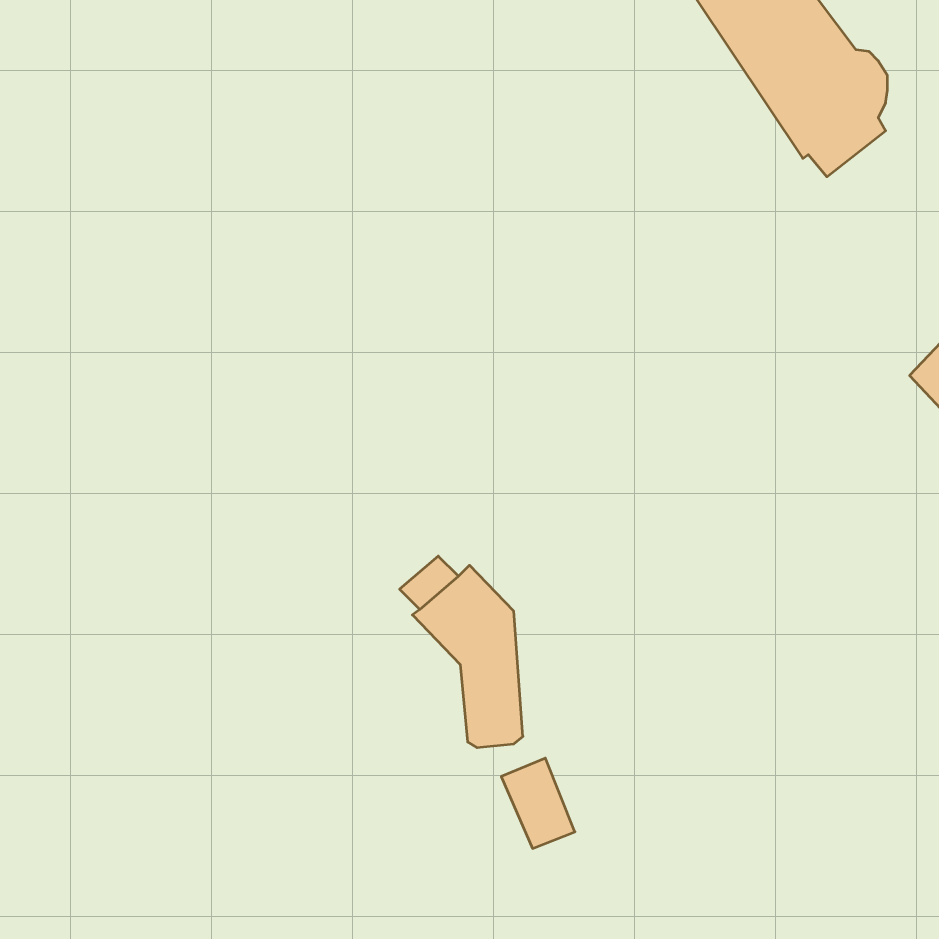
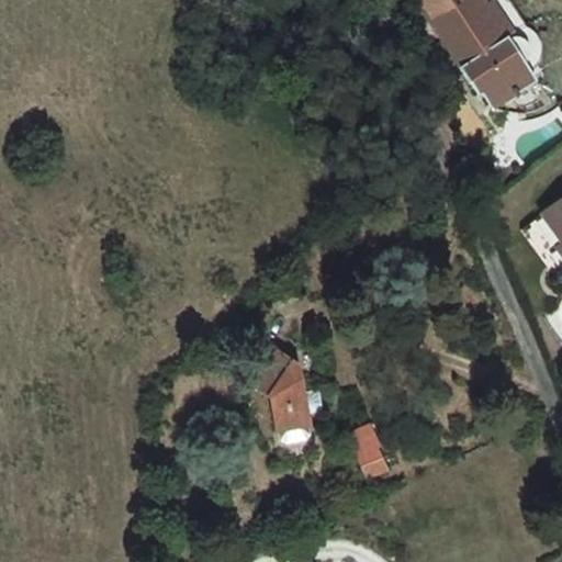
building: [501,758,575,848] -> [344,424,387,477]

